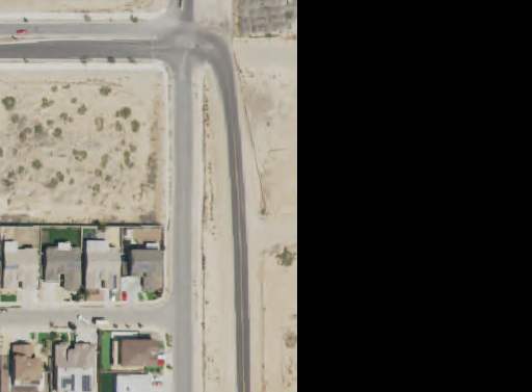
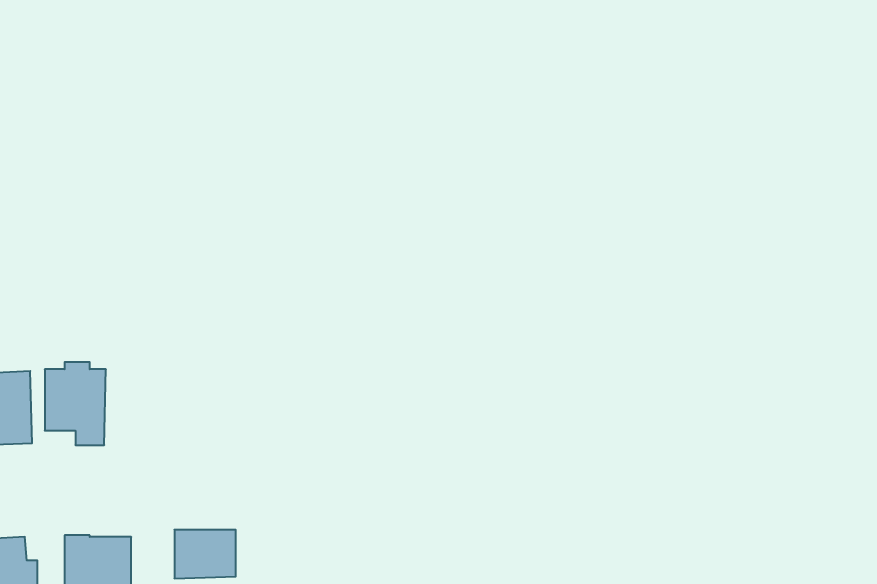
building: [85,241,119,289] -> none
building: [129,250,159,290] -> none

